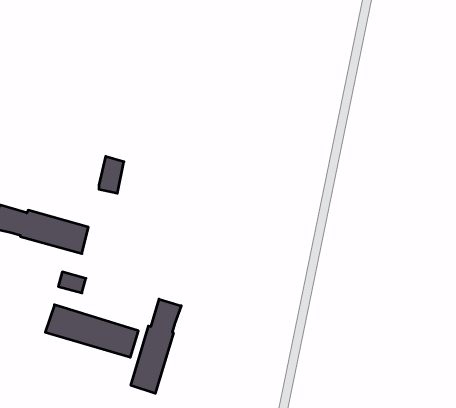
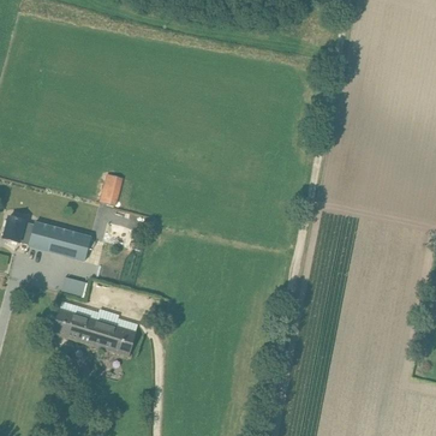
building: [131,299,181,393] -> none

